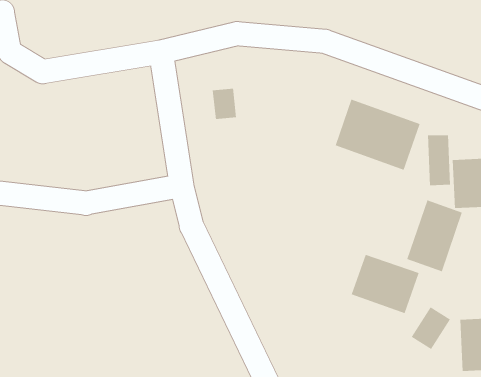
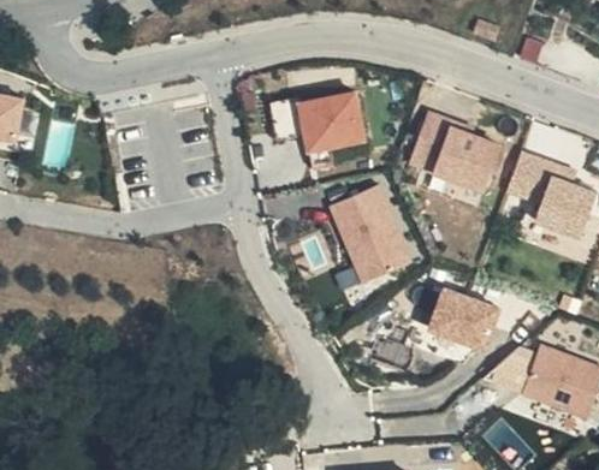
building: none -> [298,94,364,153]
building: none -> [327,185,414,286]
building: [407,200,463,272] -> none

